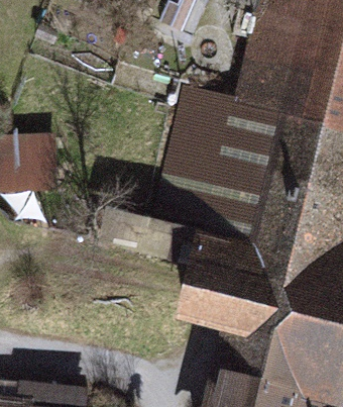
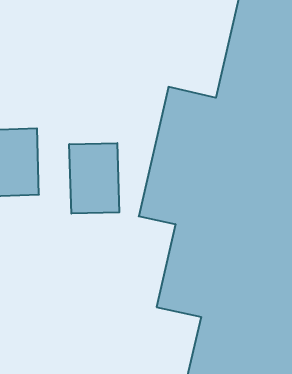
building: none -> [69,143,119,214]

